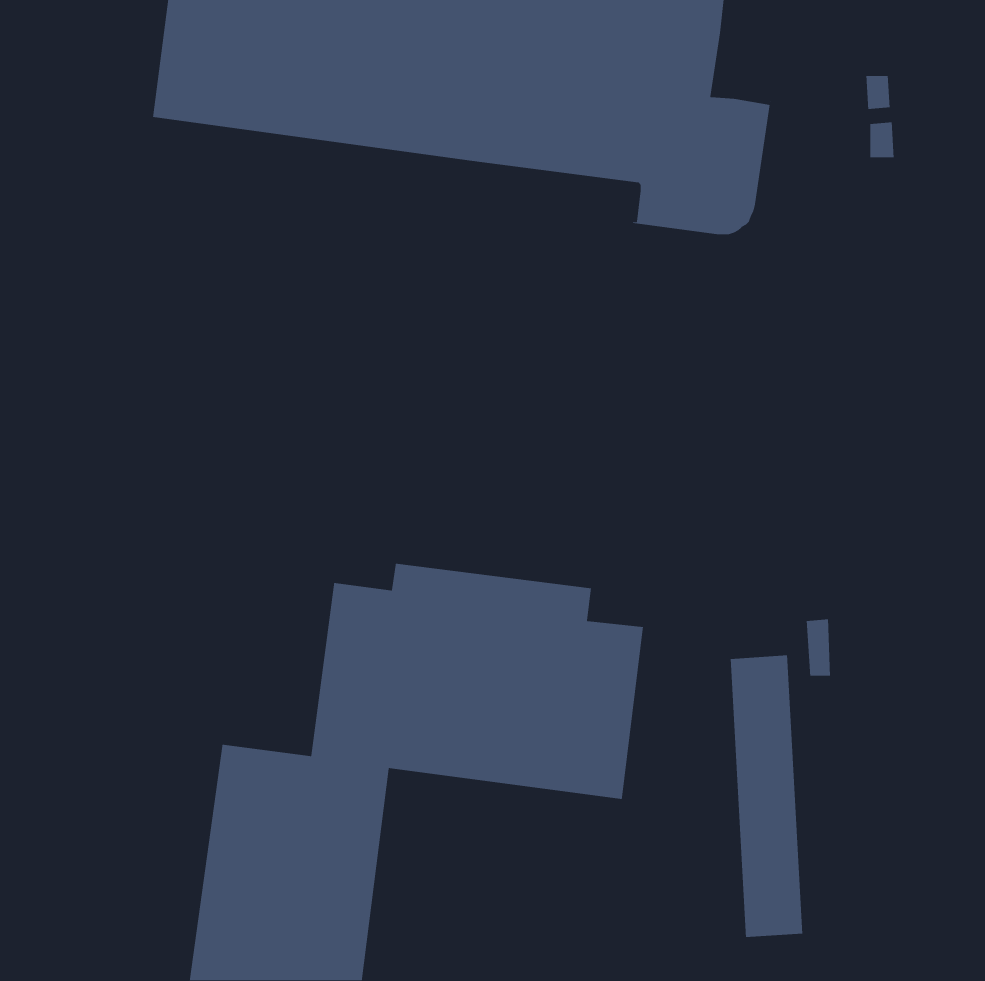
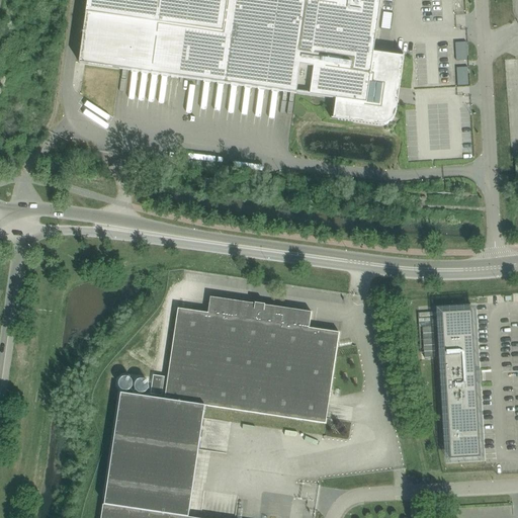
building: [730,655,803,938] -> [442,309,481,457]

